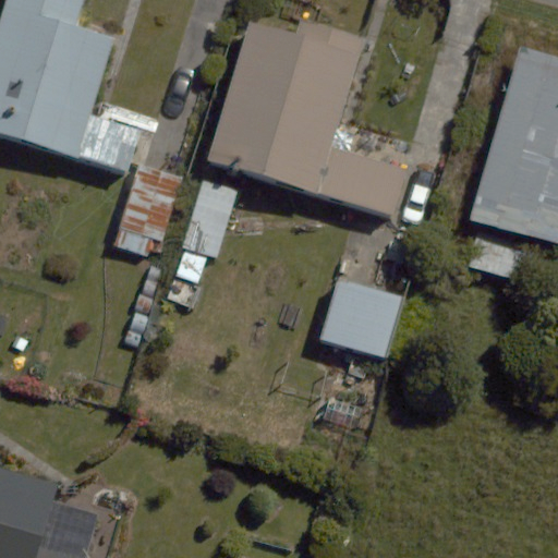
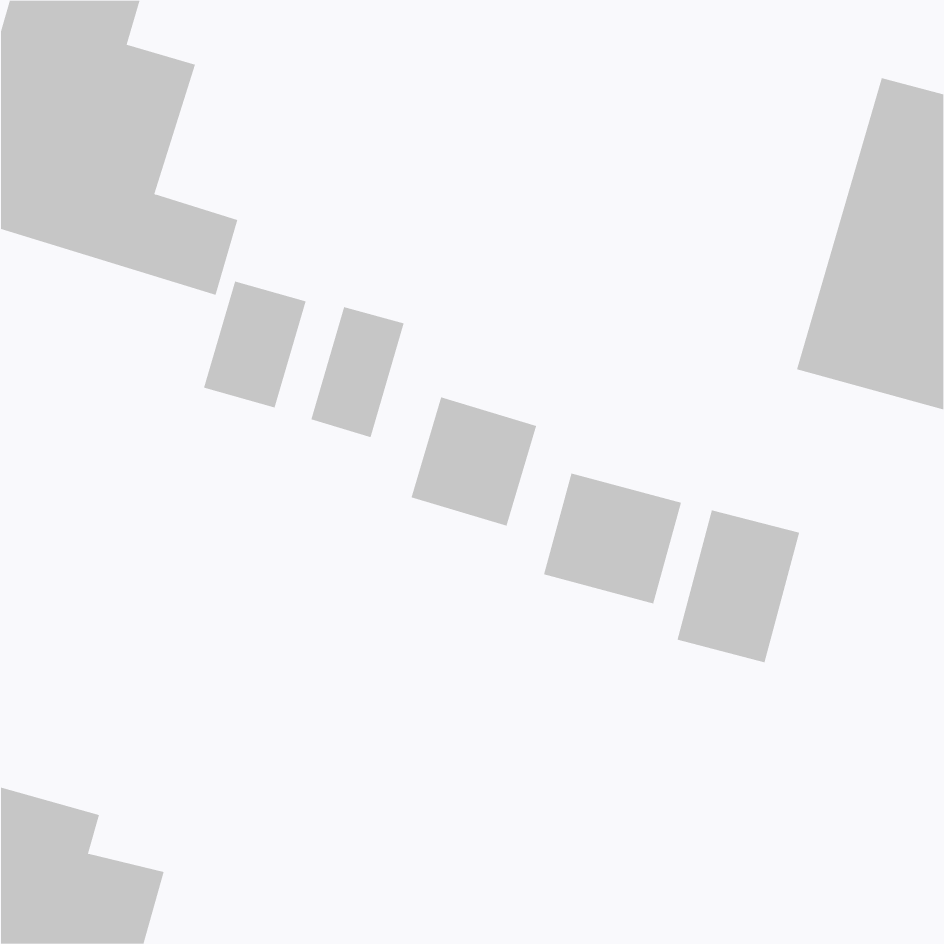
building: [205,21,405,217] -> none
building: none -> [411,397,537,527]
building: none -> [677,509,800,663]

